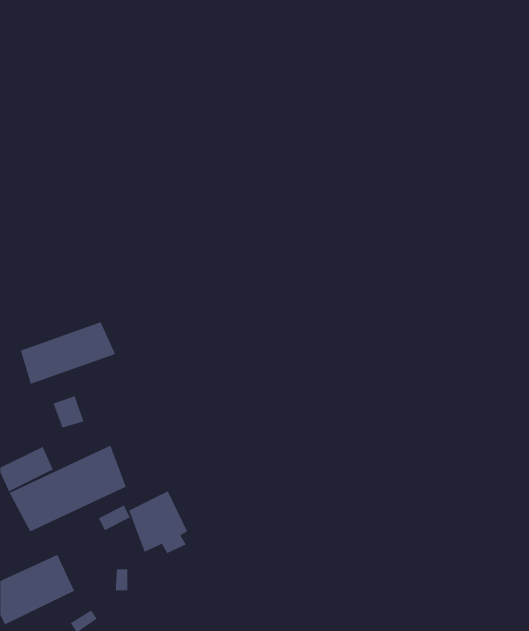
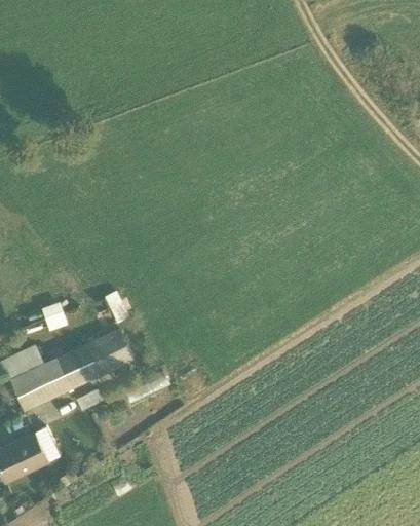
building: [20,321,116,385] -> none
building: [128,490,188,554] -> [86,329,132,378]

